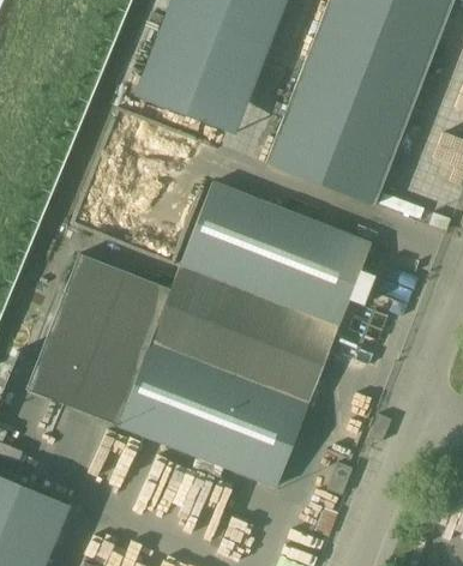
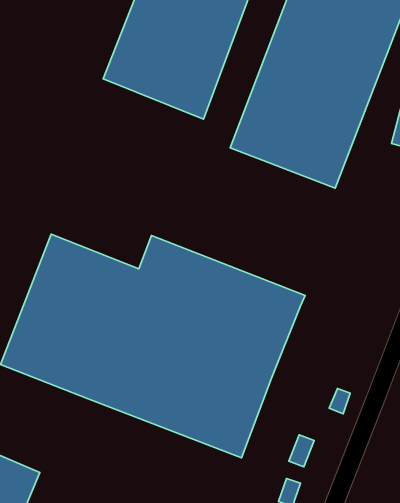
building: [184,182,375,318] -> none

